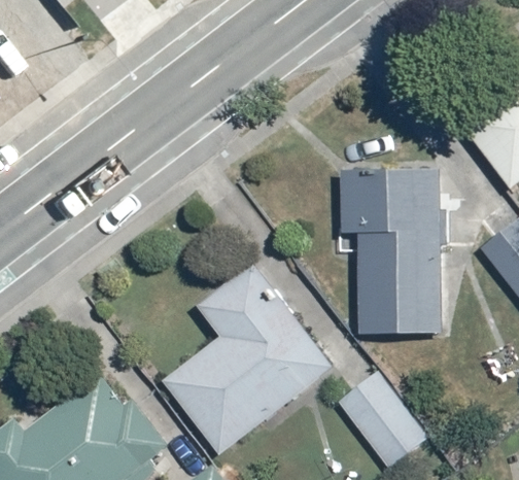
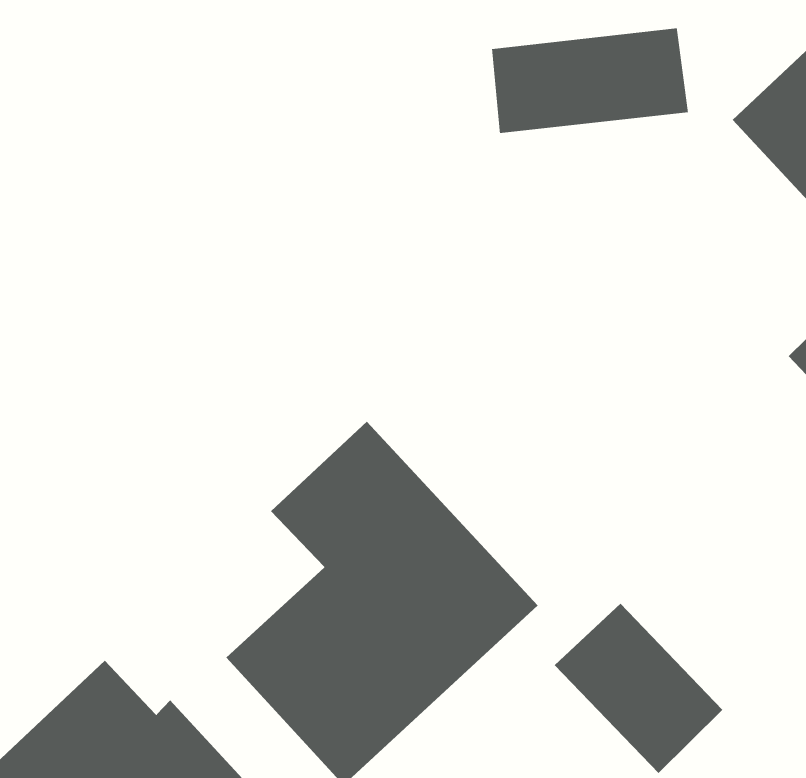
building: none -> [491,28,689,134]
building: [340,170,447,334] -> none

